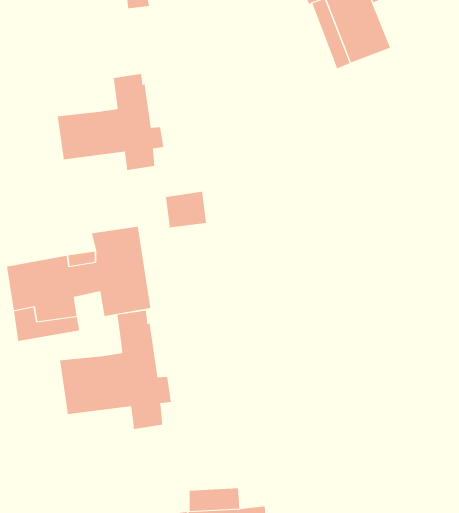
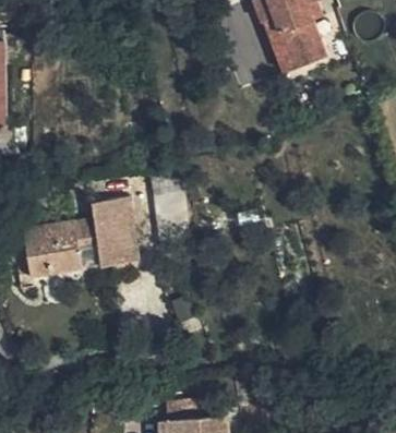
building: [57,73,164,171] -> none
building: [60,310,172,430] -> none

